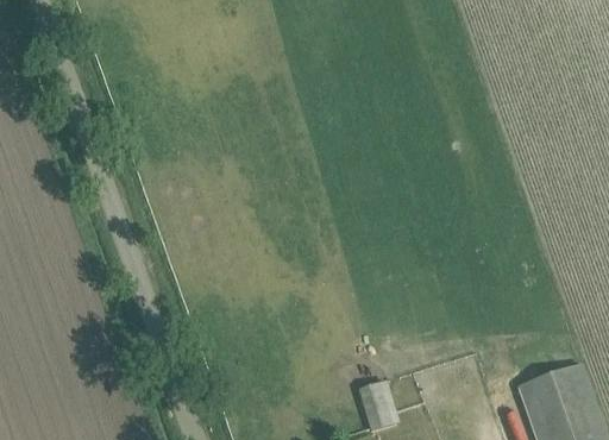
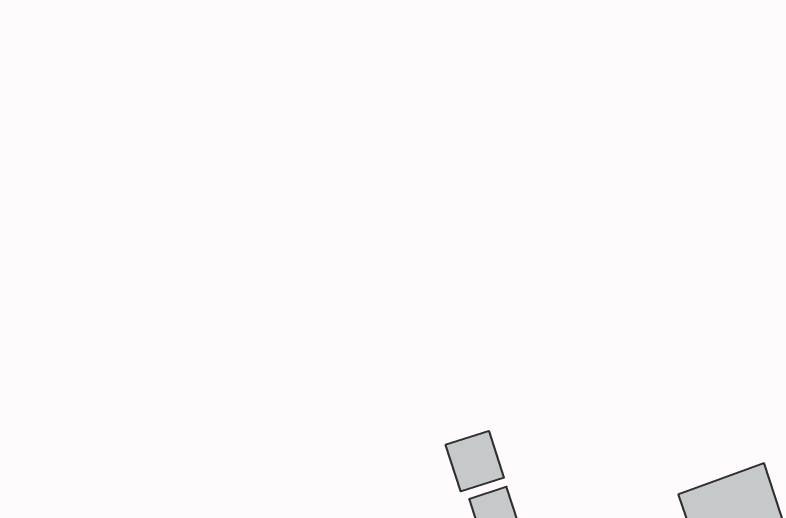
building: none -> [446,431,504,491]

